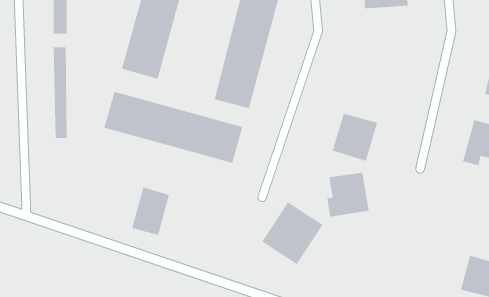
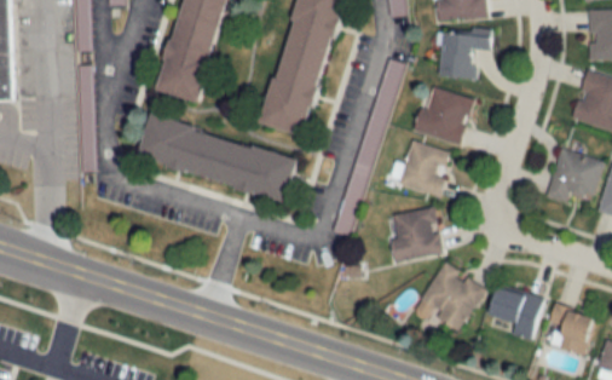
building: none -> [439,33,492,79]
building: none -> [415,86,473,145]
building: [132,186,170,236] -> none
building: [261,202,323,265] -> [415,263,486,335]
building: none -> [489,287,543,339]

